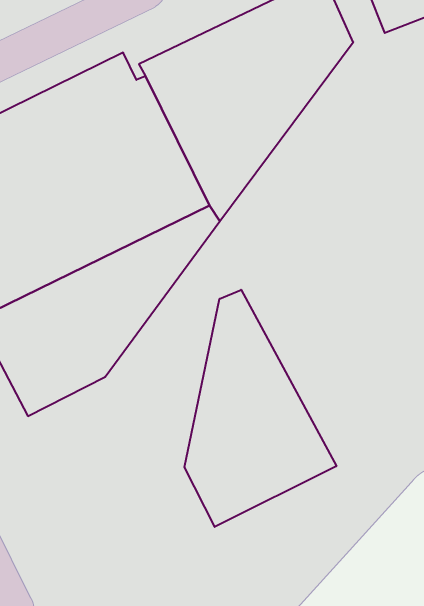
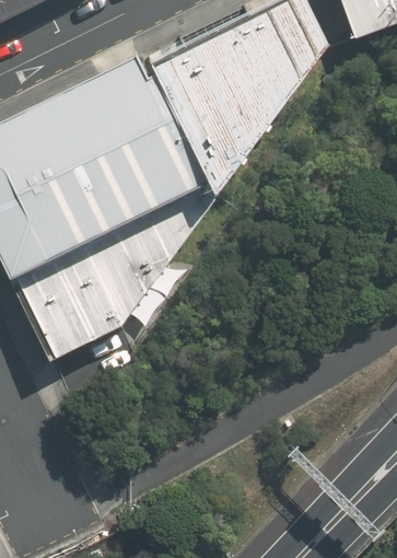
building: [184,290,336,527] -> none

